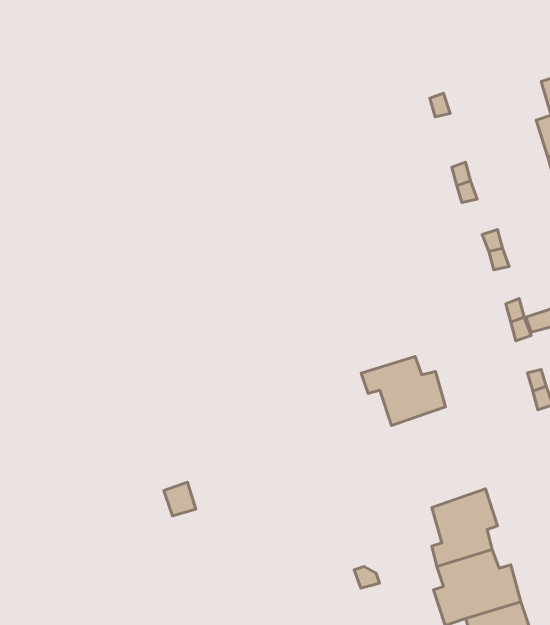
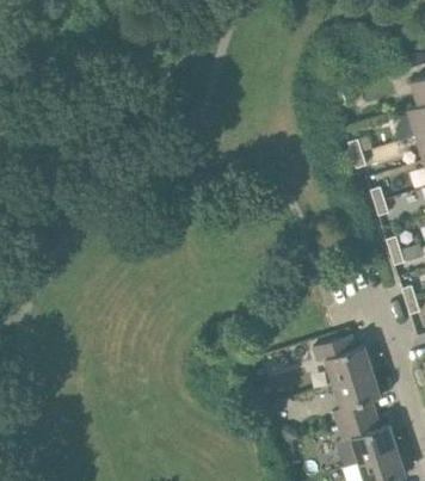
building: [361,356,445,426] -> [312,335,371,384]

